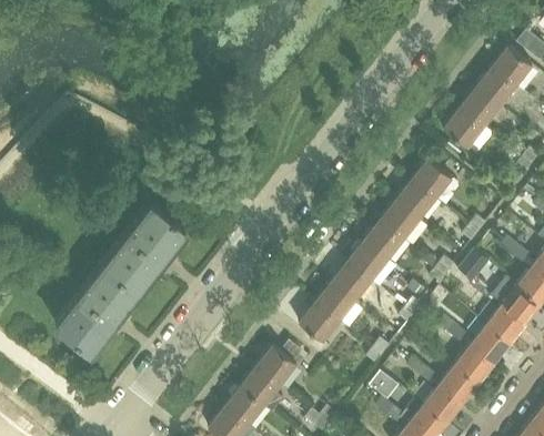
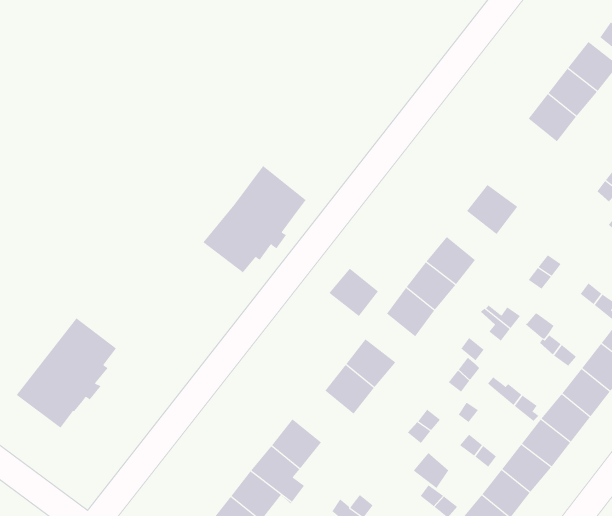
building: [443,108,483,148] -> none
building: [395,181,435,220] -> none
building: [102,204,184,290] -> [203,165,306,273]
building: [331,262,371,301] -> [328,268,379,317]

